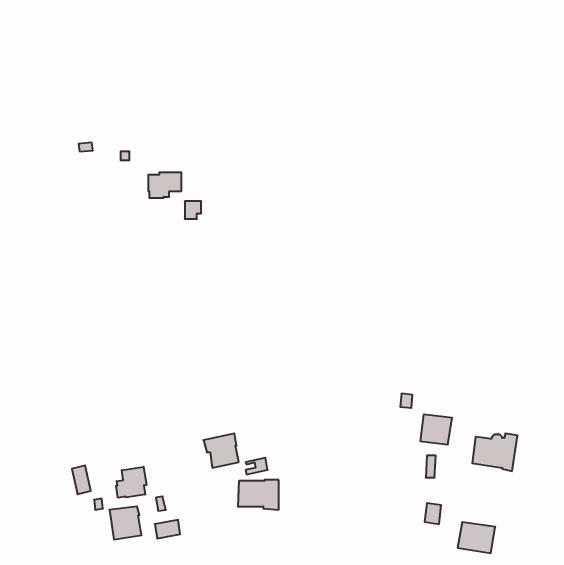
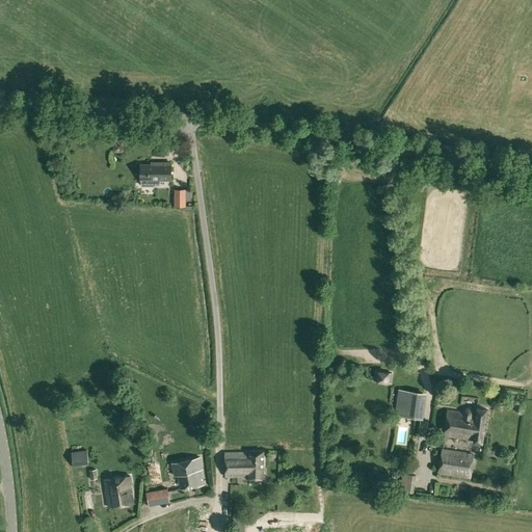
building: [203,433,239,468] -> [170,457,204,489]
building: [116,467,146,498] -> none
building: [458,522,495,553] -> [437,449,473,478]

